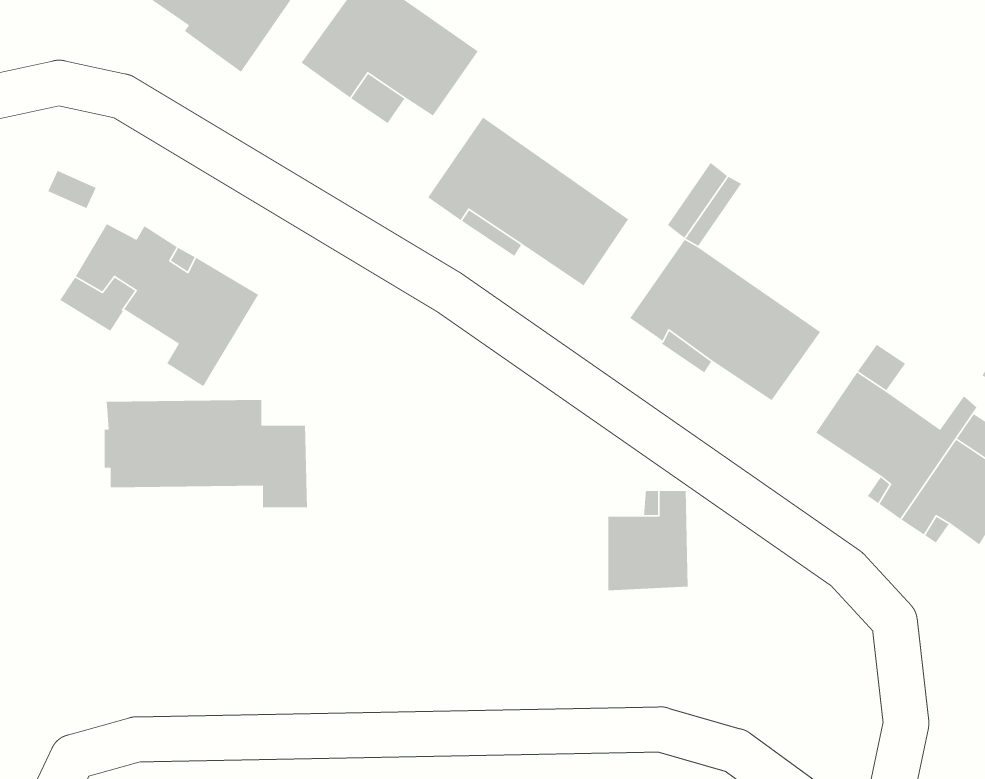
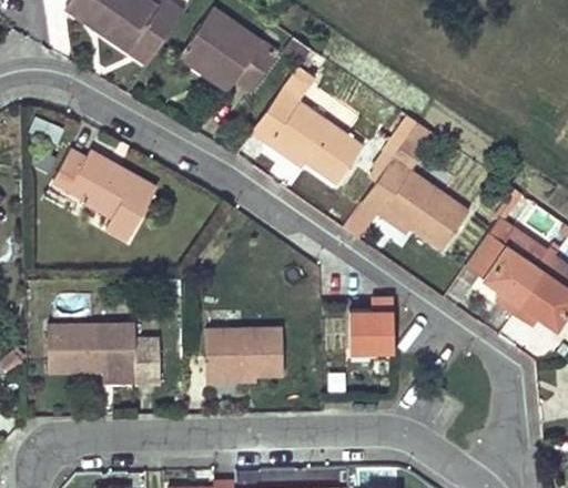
building: [104,399,308,508] -> [47,325,161,386]
building: none -> [207,328,285,384]

